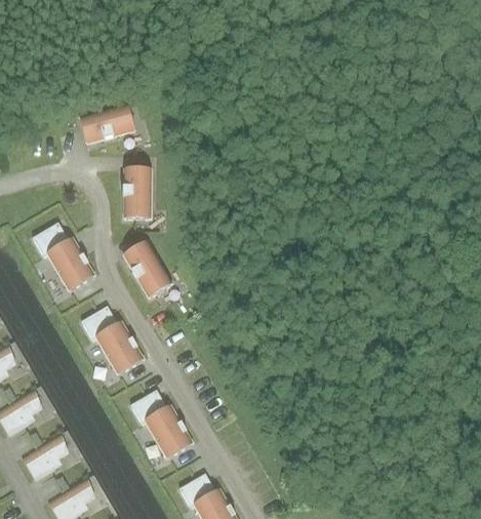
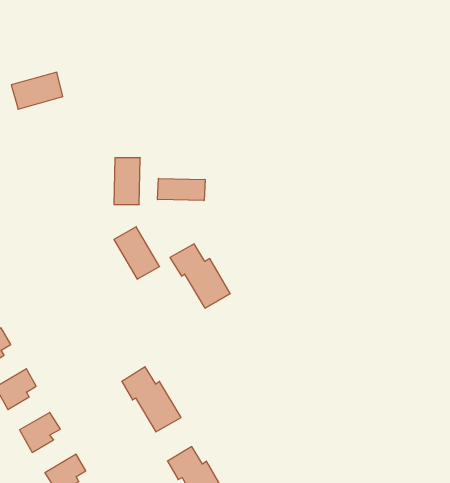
building: [79,105,133,144] -> [11,72,63,109]
building: none -> [158,178,205,201]
building: [33,223,95,290] -> none
building: [81,307,145,374] -> [170,244,230,308]

